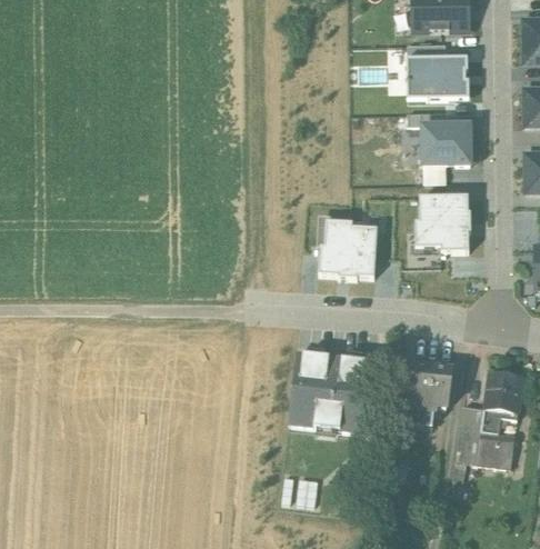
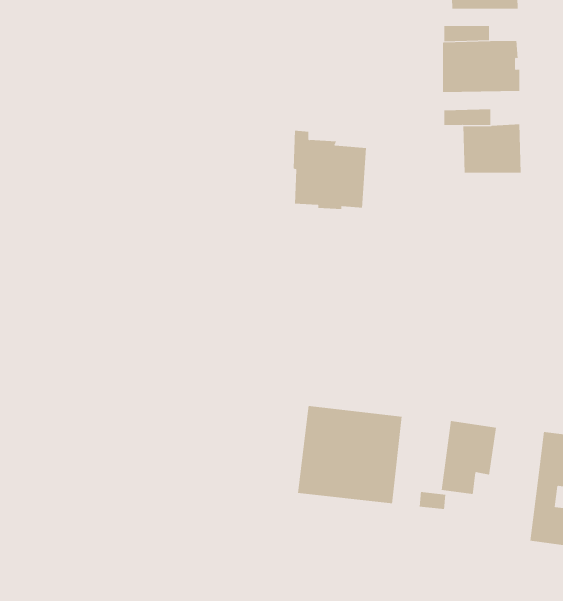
building: [409,194,470,254] -> none
building: [317,213,377,278] -> [293,130,367,209]
building: [456,407,483,462] -> none

